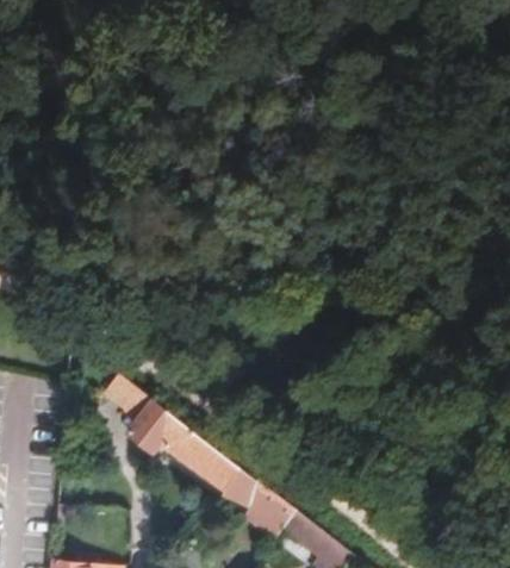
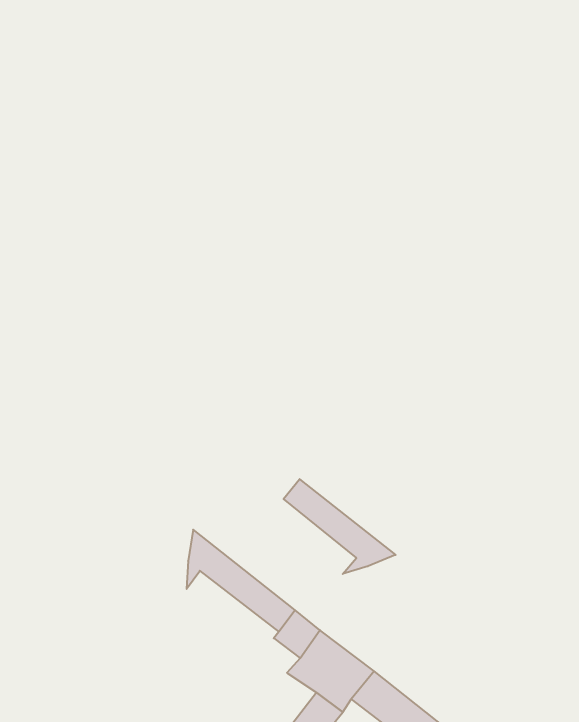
building: [88,357,185,470] -> none
building: none -> [284,479,396,574]

